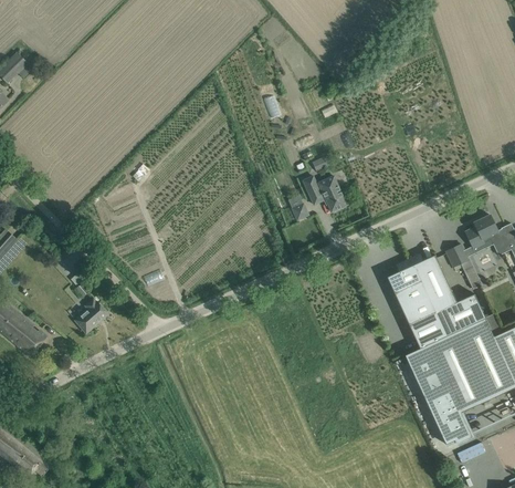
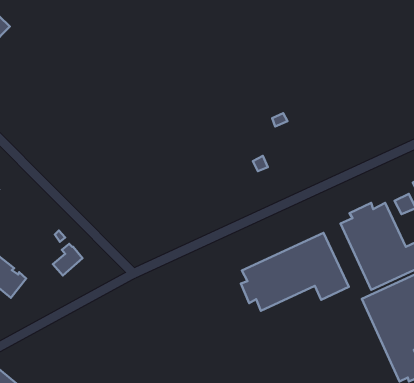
building: [303,176,347,212] -> none
building: none -> [241,233,349,311]

